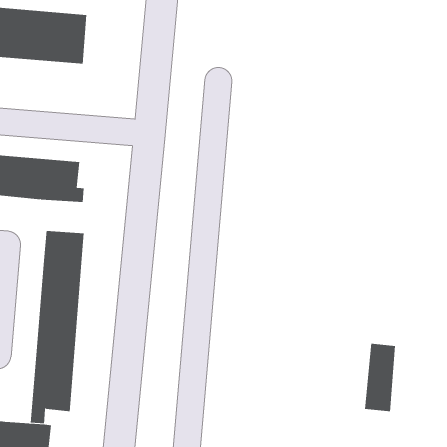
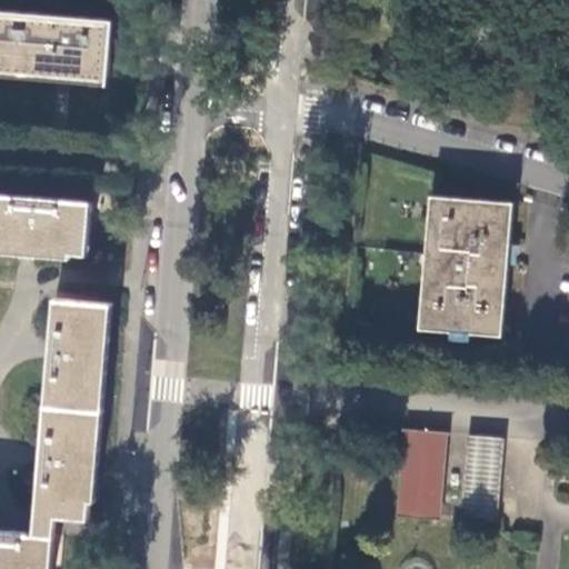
building: none -> [417,196,508,335]
building: none -> [395,429,446,518]

